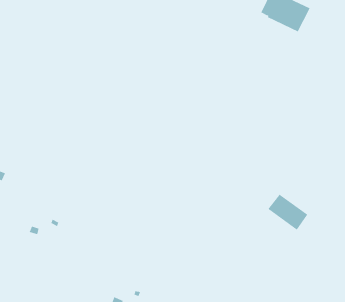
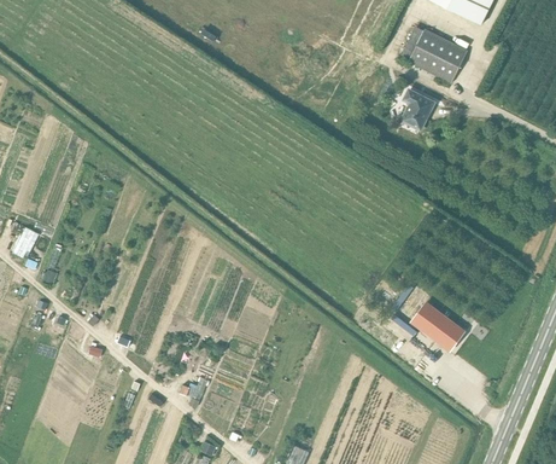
building: none -> [400,87,435,130]

